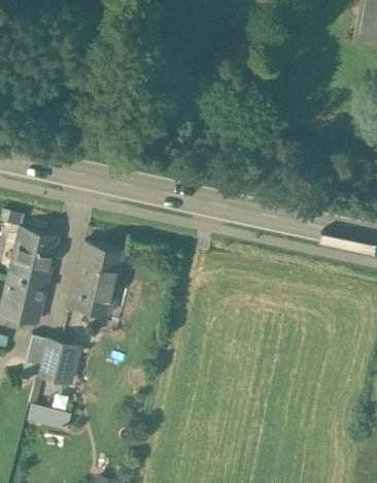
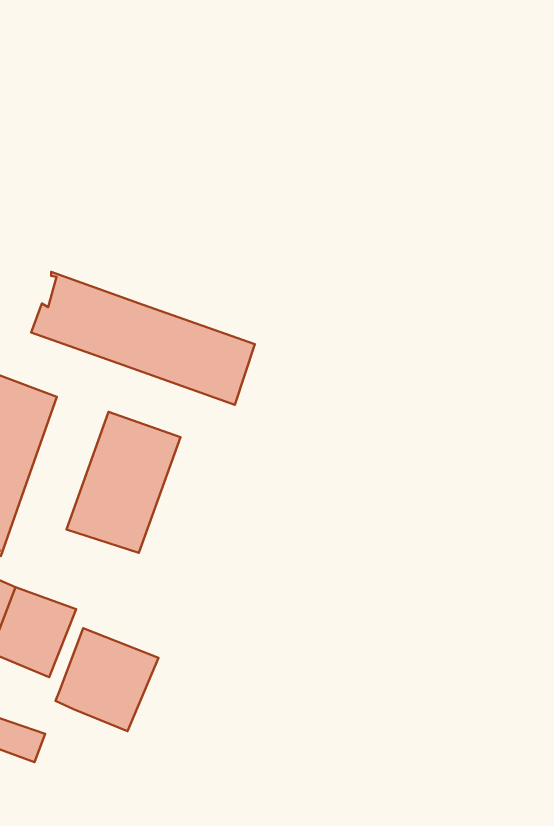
building: none -> [31,272,255,405]
building: none -> [55,628,158,731]

